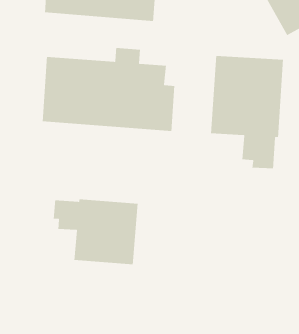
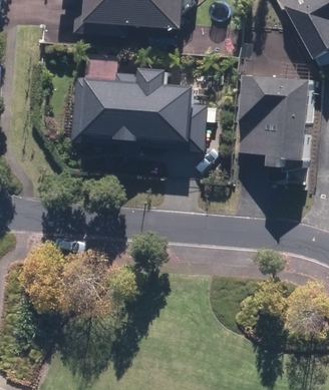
building: [53,199,139,265] -> none

